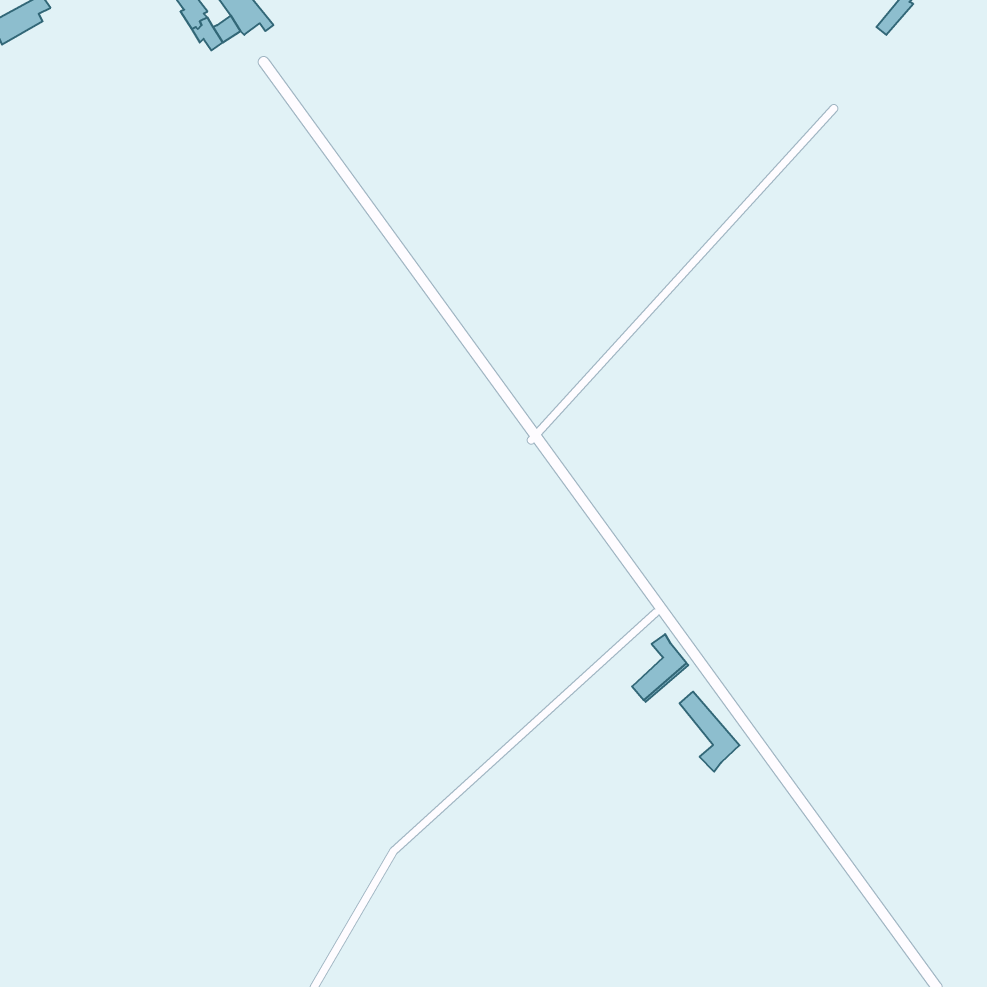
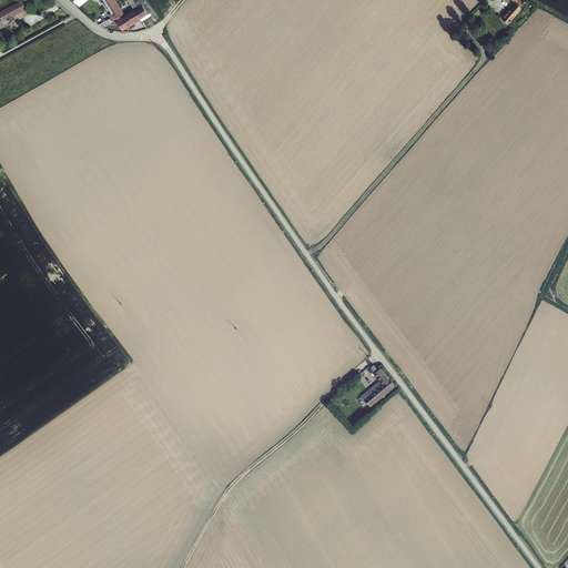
building: [680,692,740,772] -> none

